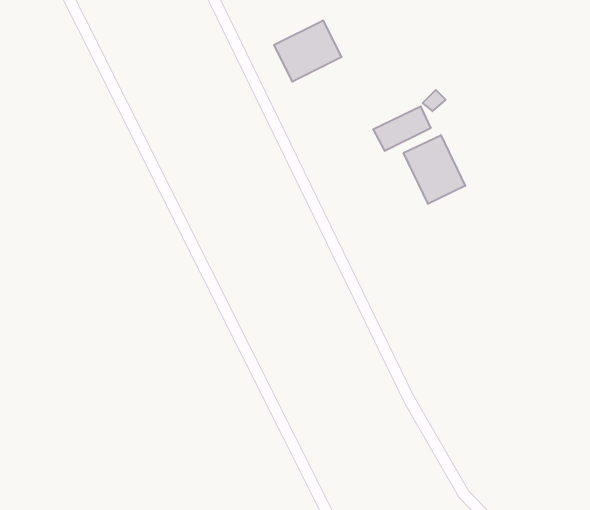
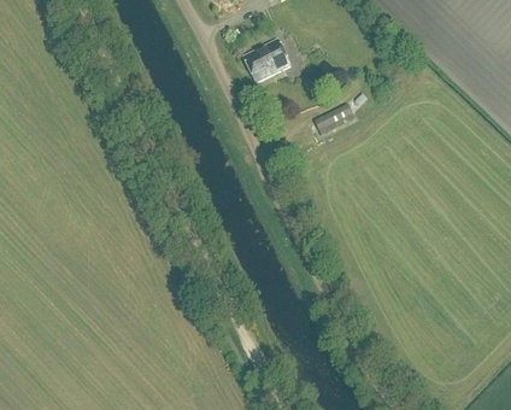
building: [404,135,465,204] -> none

